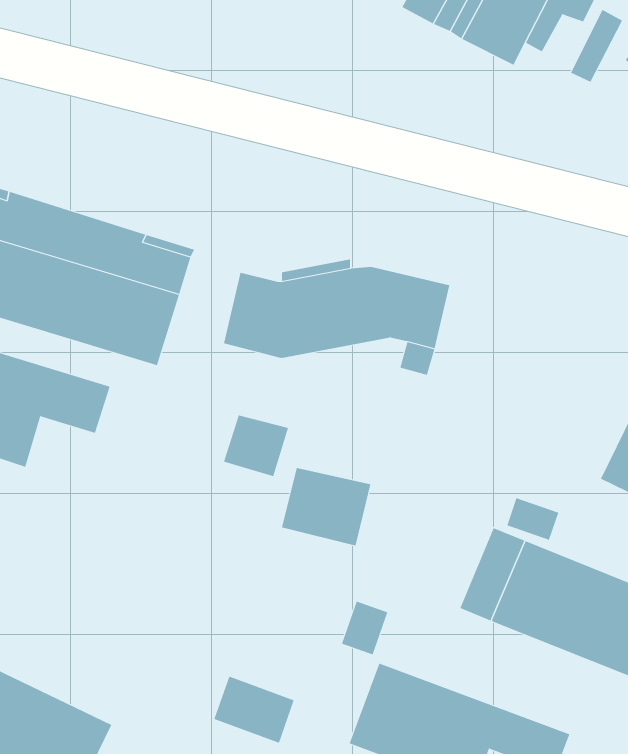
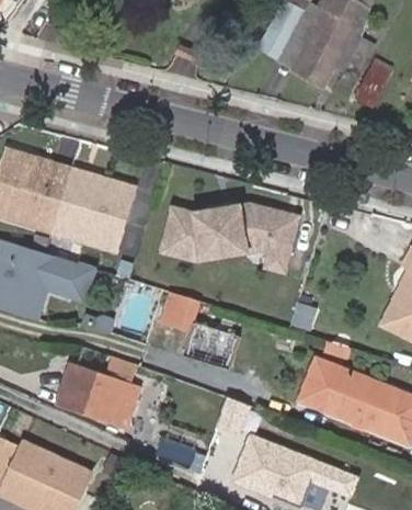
building: none -> [56,359,134,423]

